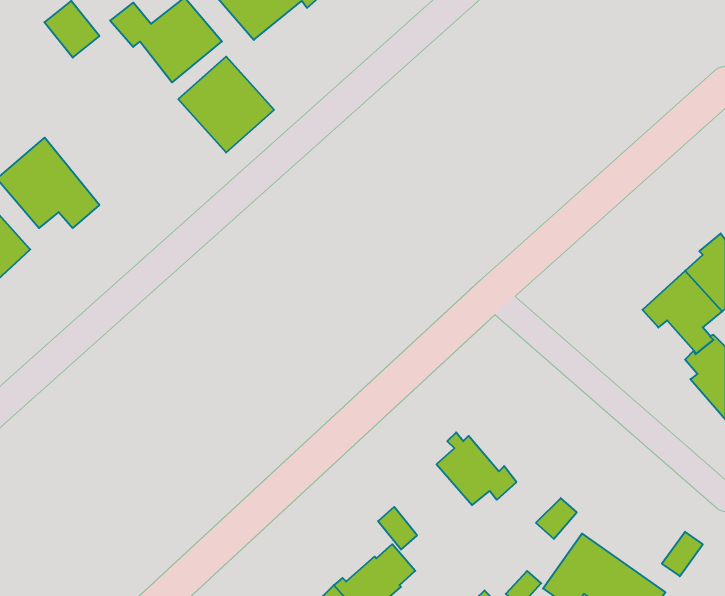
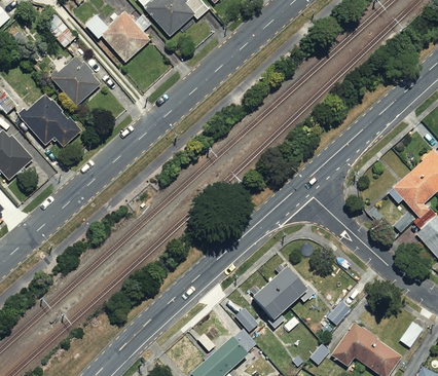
building: [178,57,274,153] -> [44,51,100,107]
building: none -> [251,281,290,328]

